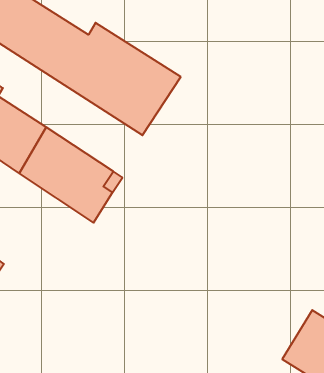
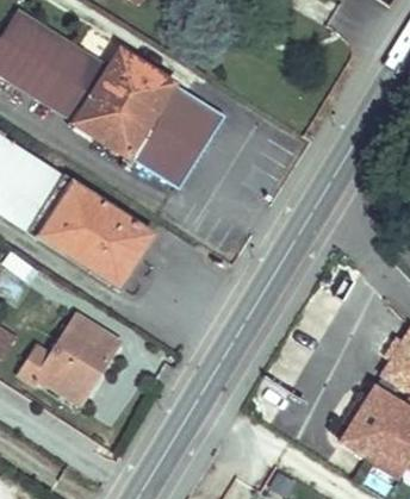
building: none -> [17,313,120,403]

